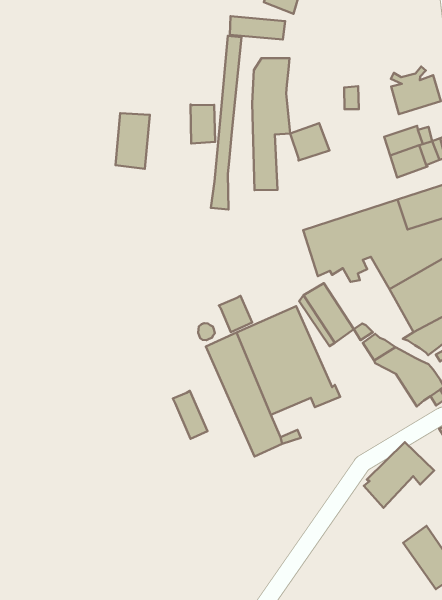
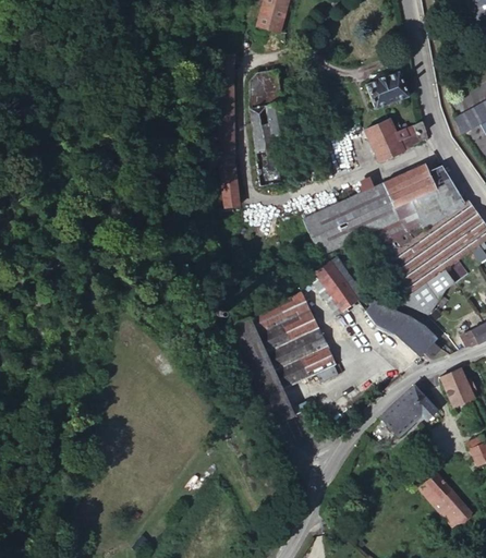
building: [230,16,285,40] -> none
building: [191,104,215,144] -> none
building: [116,113,150,169] -> none
building: [290,123,329,161] -> none
building: [219,296,252,332] -> none
building: [173,391,208,439] -> none

